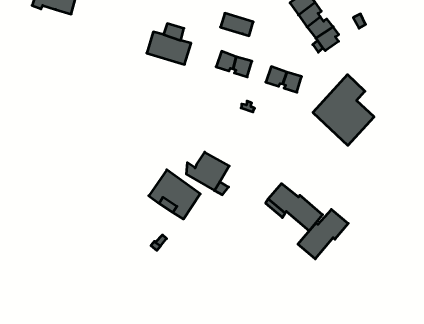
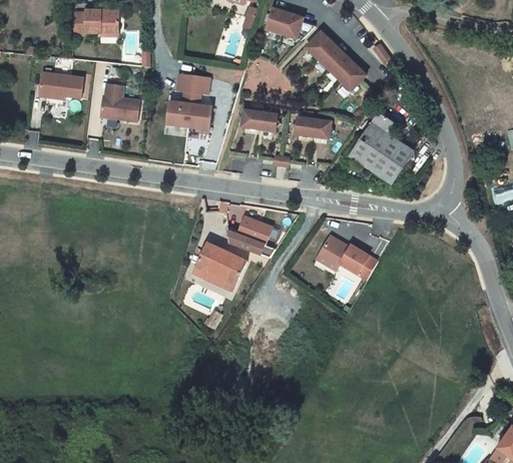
building: none -> [100,83,139,121]
building: [220,13,253,36] -> [176,74,209,93]
building: [298,209,348,259] -> none

